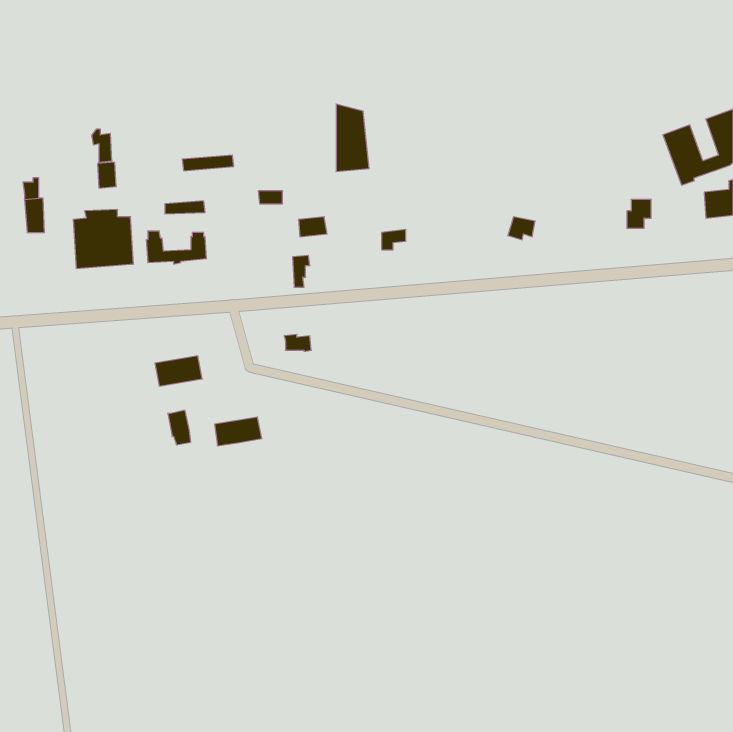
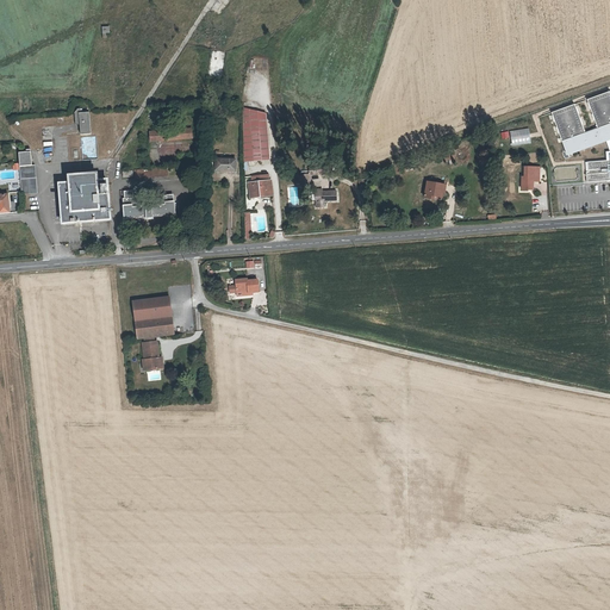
building: [336,104,369,172] -> [244,106,272,162]
building: [215,417,262,446] -> [132,315,172,338]

